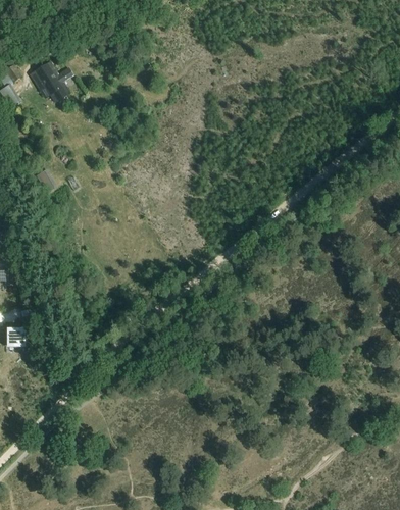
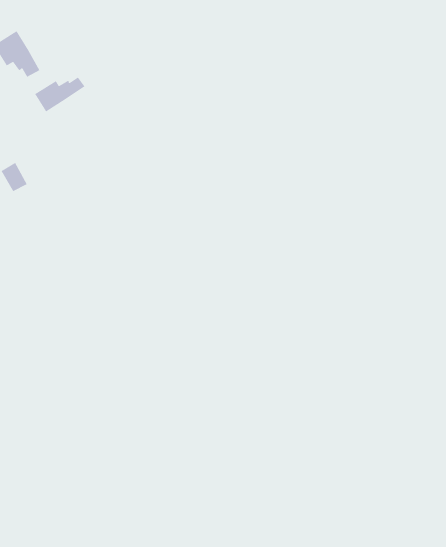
building: none -> [34,77,85,113]

